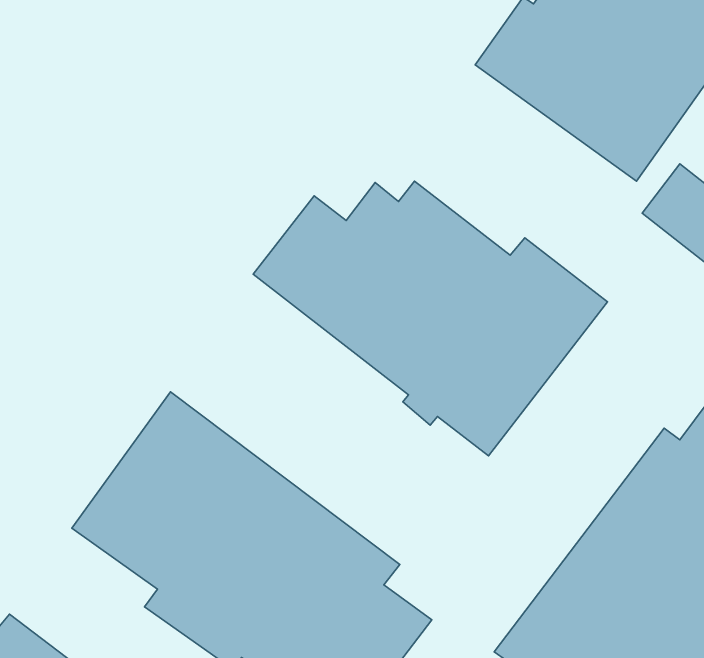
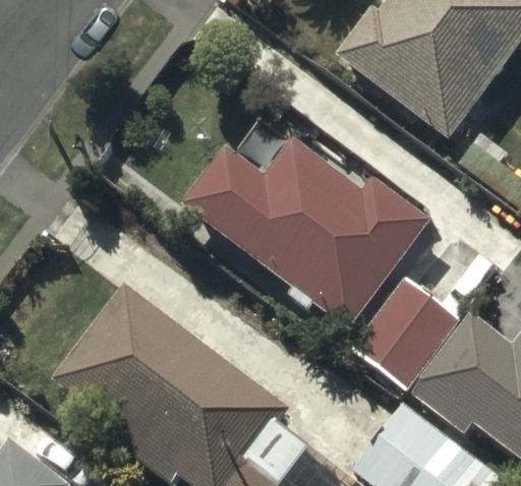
building: none -> [353,279,459,388]

